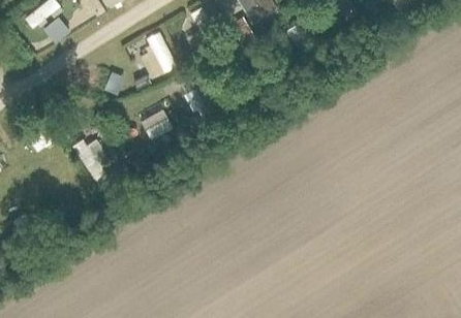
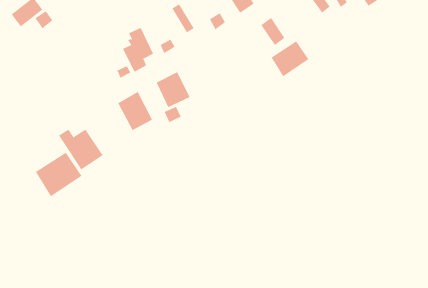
building: none -> [271,40,309,77]
building: none -> [35,152,82,197]

